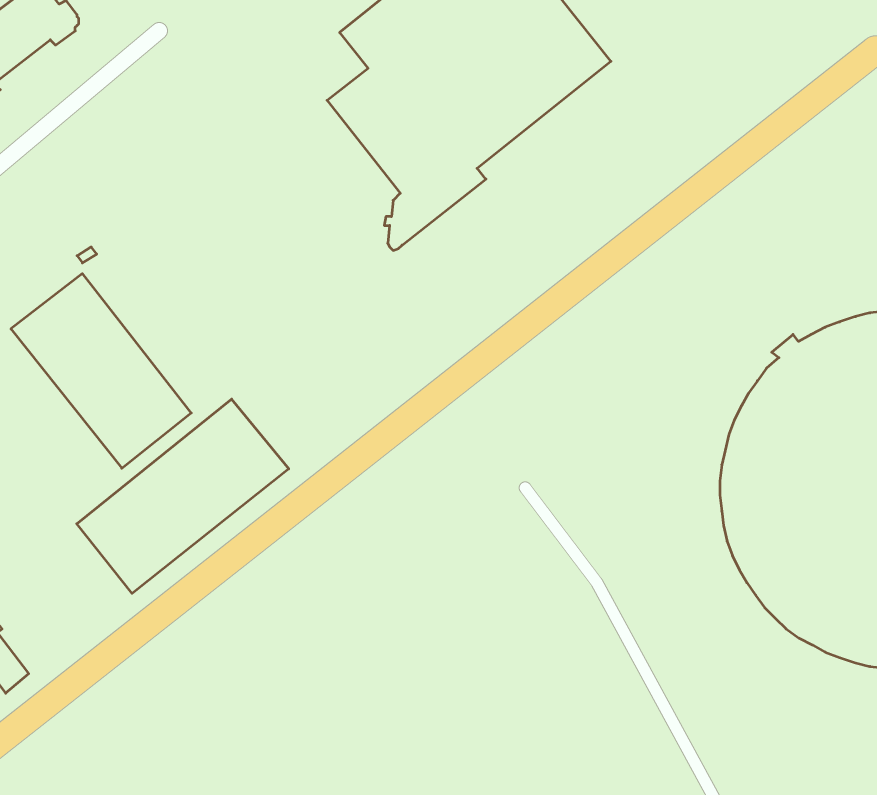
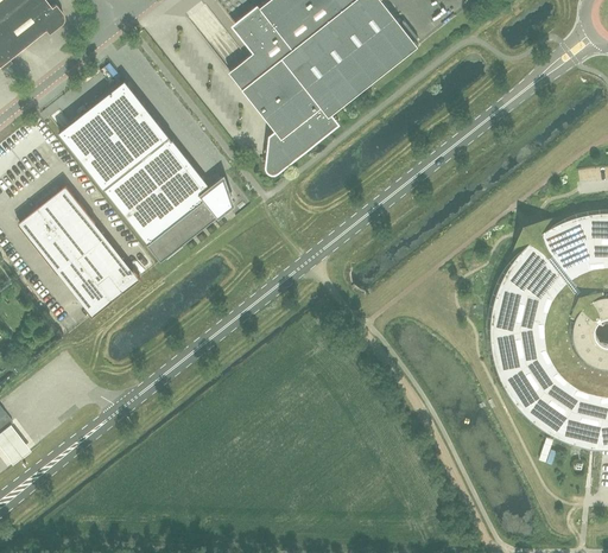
building: none -> [59,82,232,262]
building: [77,399,289,593] -> none

